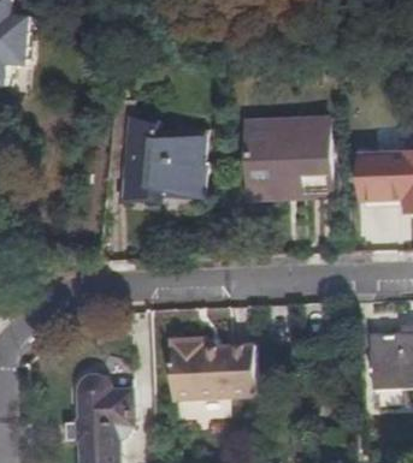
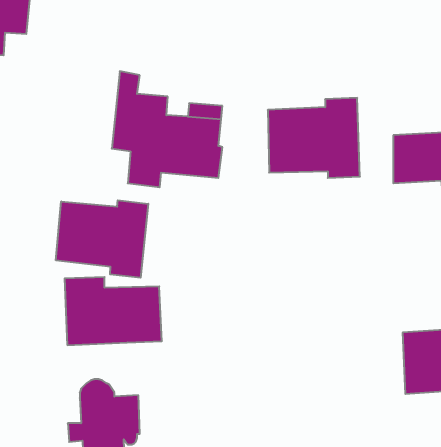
building: none -> [56,200,148,278]
building: [169,337,256,398] -> [65,277,162,345]

